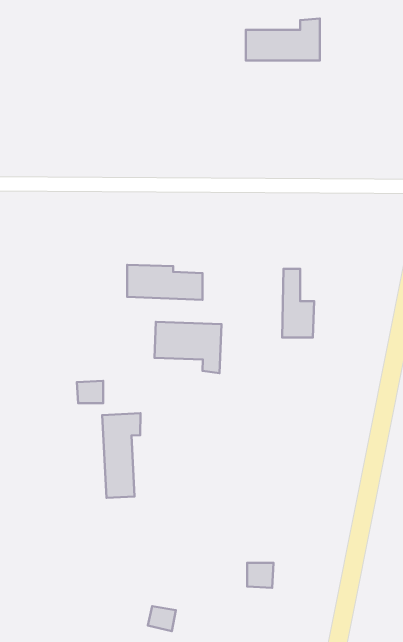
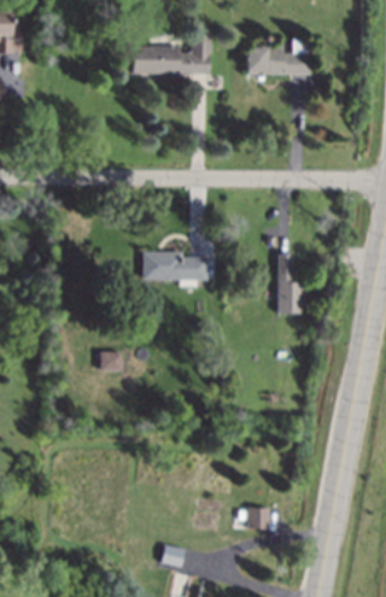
building: none -> [133,34,210,75]
building: [155,322,221,373] -> none
building: [102,413,140,498] -> none

